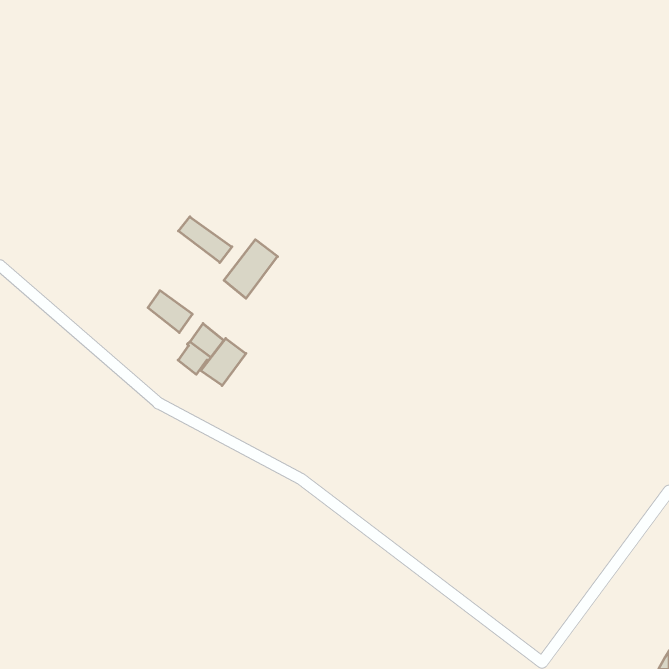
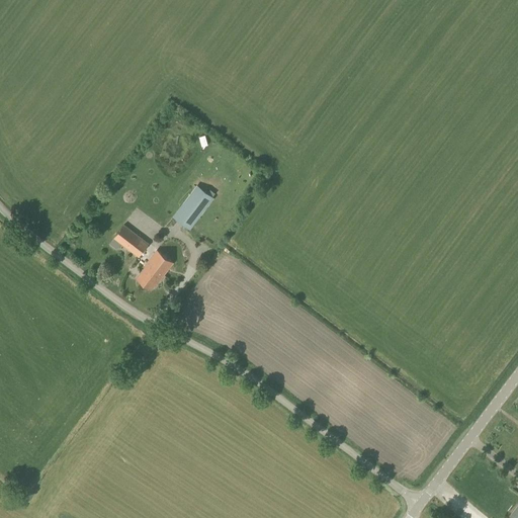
building: [178,217,232,263] -> none
building: [201,338,246,386] -> none

